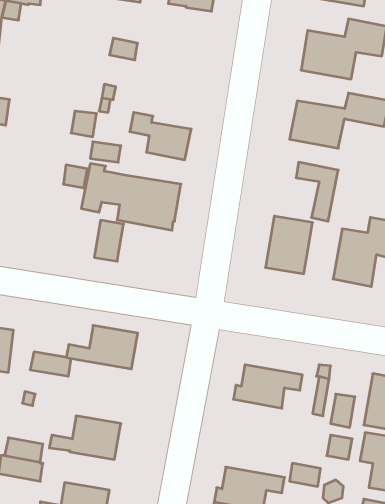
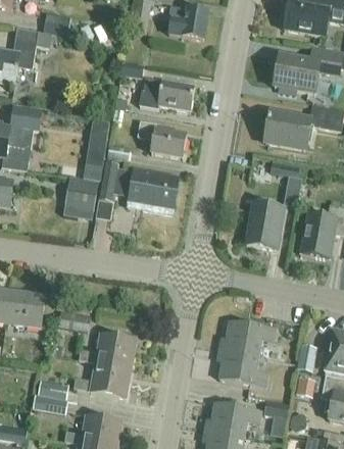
building: none -> [139,77,195,109]
building: [94,220,124,261] -> [75,177,98,209]
building: [66,325,138,369] -> [79,333,136,367]
building: none -> [218,348,267,386]

